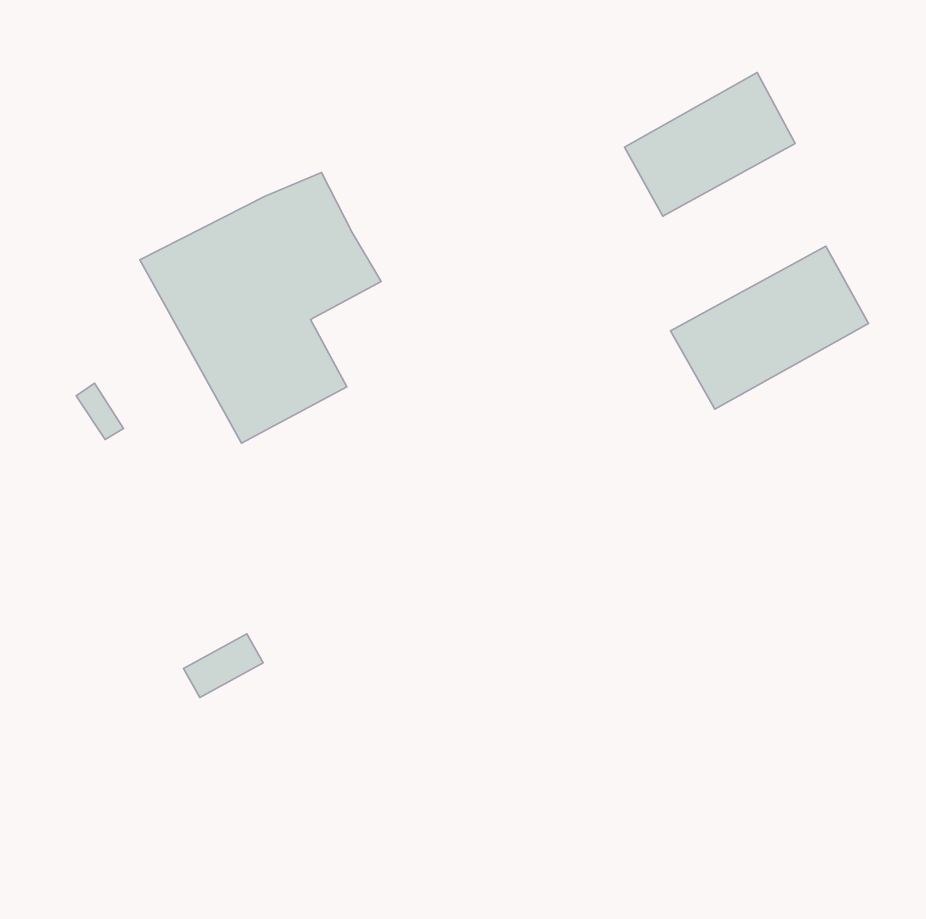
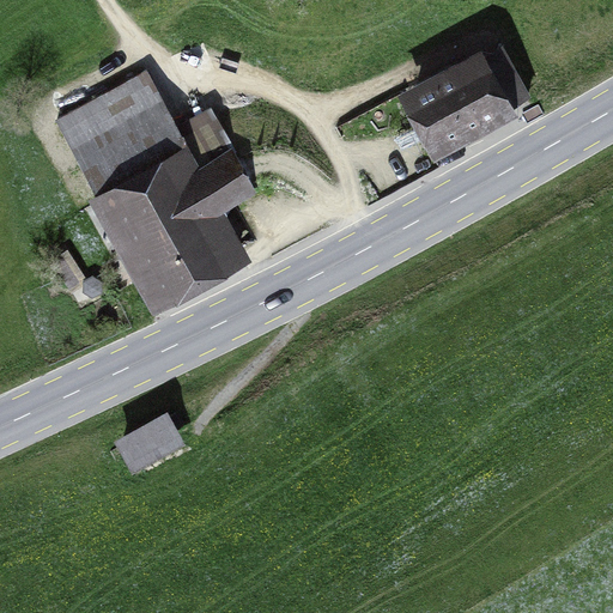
building: none -> [56,77,175,177]
building: [670,246,869,409] -> none

